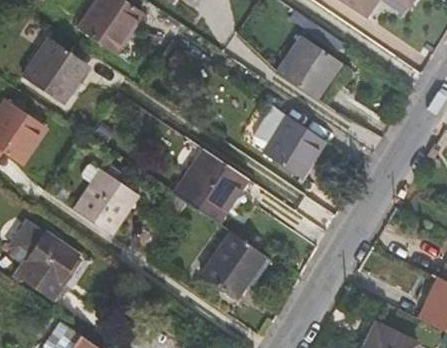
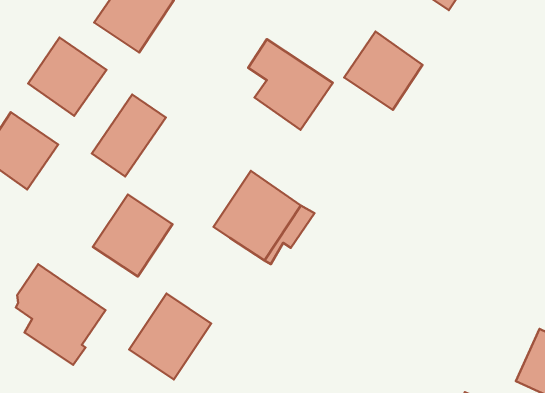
building: none -> [92,95,166,177]
building: [255,105,323,178] -> [248,39,333,130]
building: [199,230,265,299] -> [129,293,211,379]

